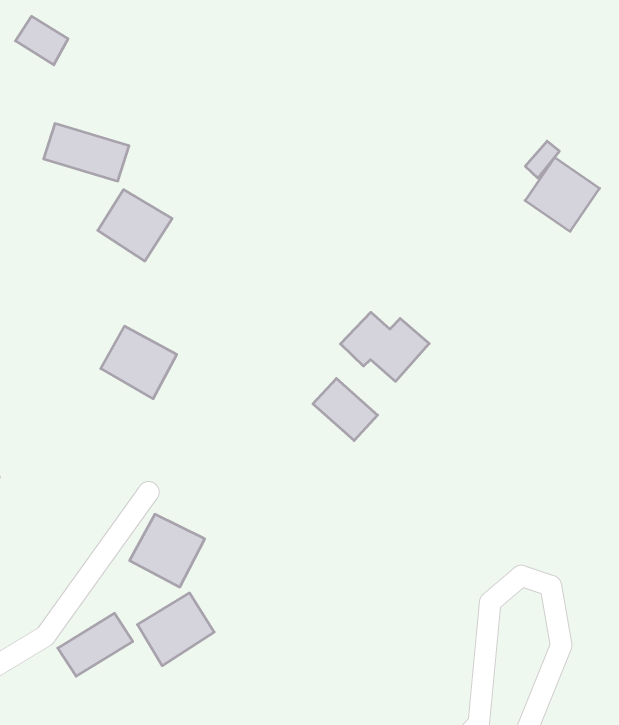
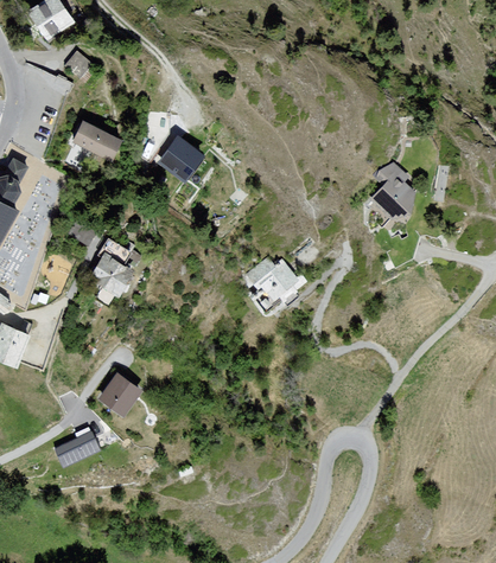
building: [98,190,172,261] -> [160,135,208,181]
building: [313,378,378,441] -> none
building: [137,593,214,666] -> none

